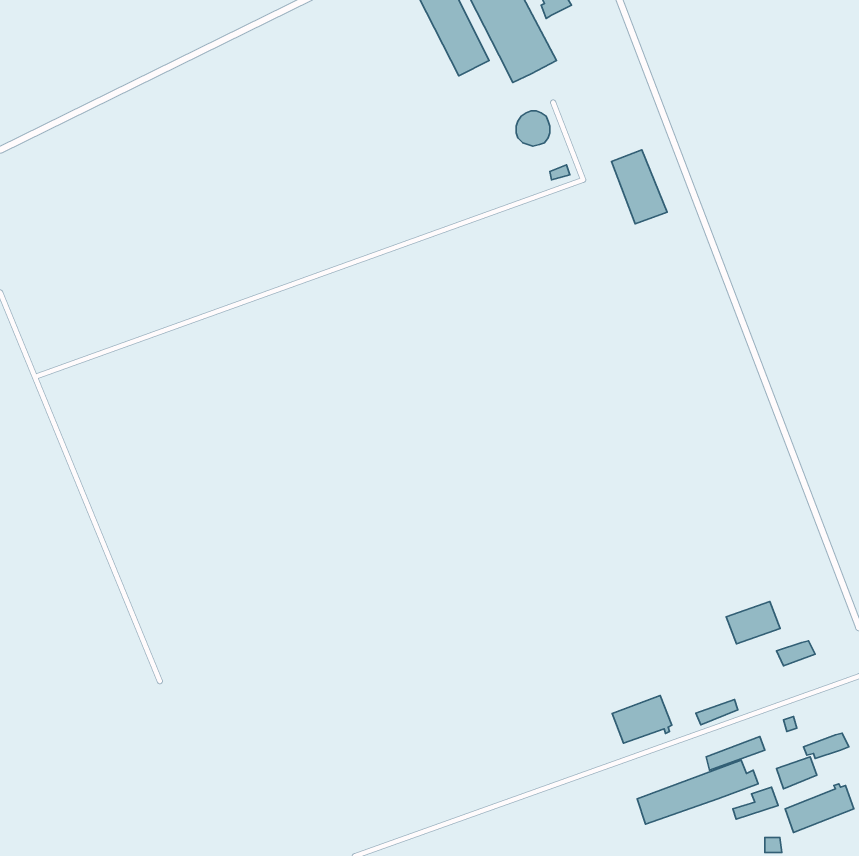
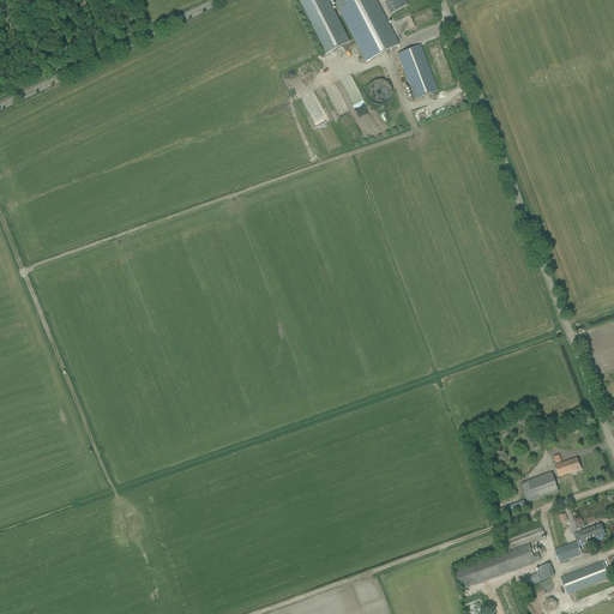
building: [612,150,667,224] -> [398,44,438,97]
building: [726,602,780,644] -> [520,471,559,501]
building: [612,696,672,743] -> none

